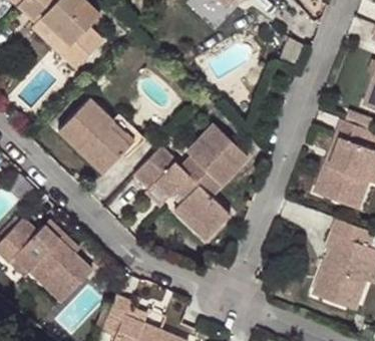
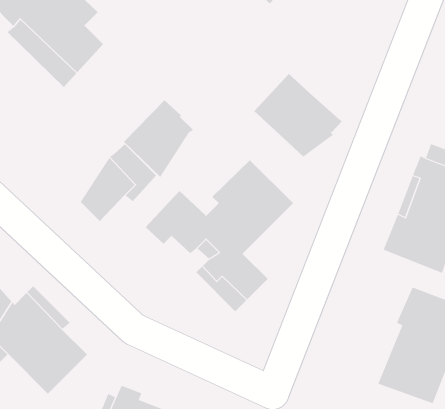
building: none -> [254,73,342,157]
building: [57,97,110,156] -> [123,99,194,178]

